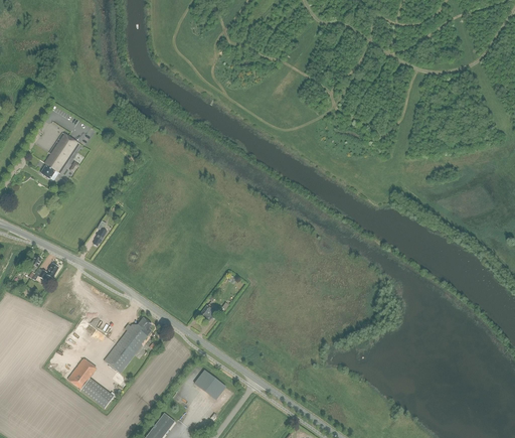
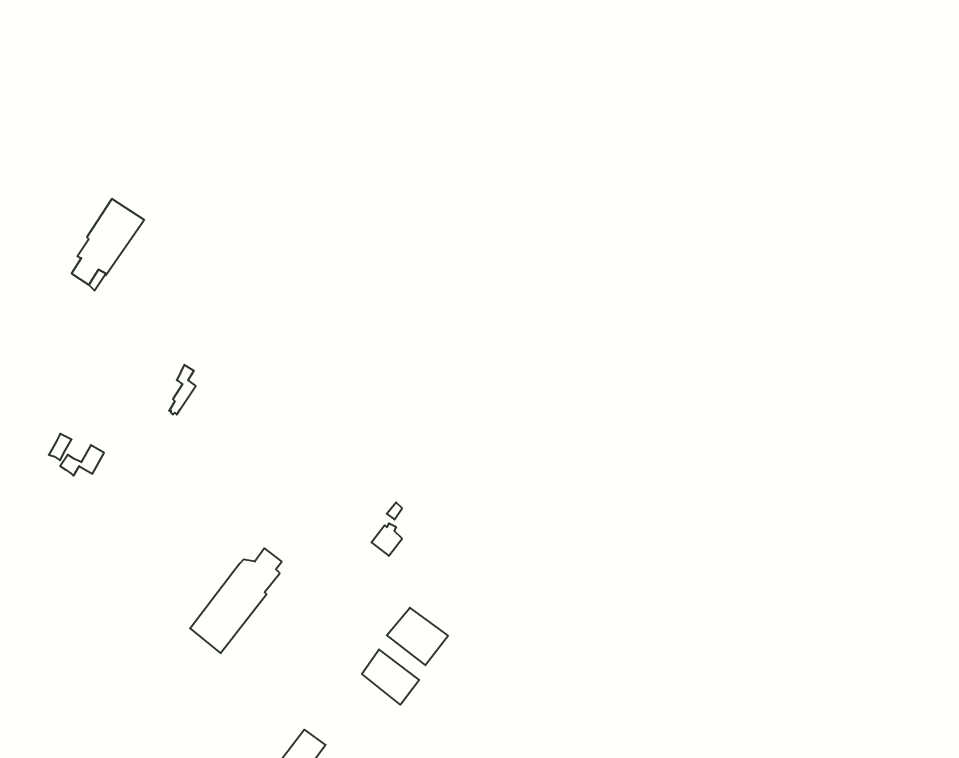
building: none -> [387,608,448,665]
building: [67,356,113,408] -> none

